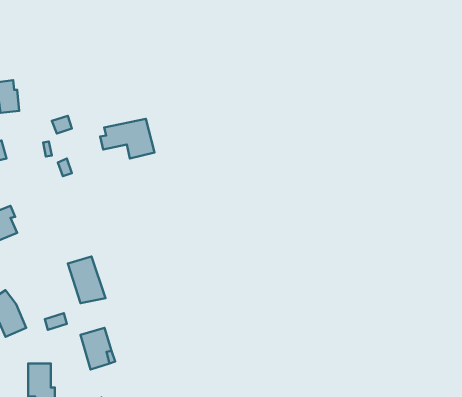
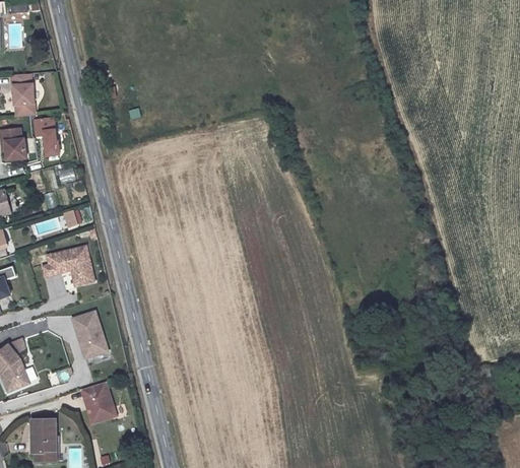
building: none -> [9,75,37,116]
building: none -> [30,117,57,157]
building: [100,119,155,158] -> [42,246,98,286]

